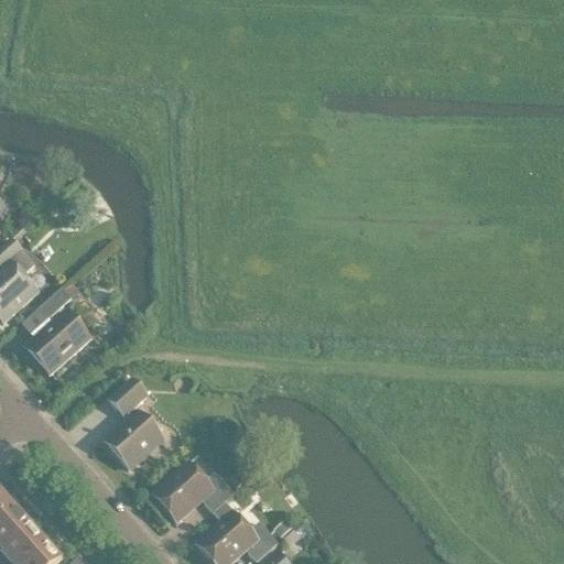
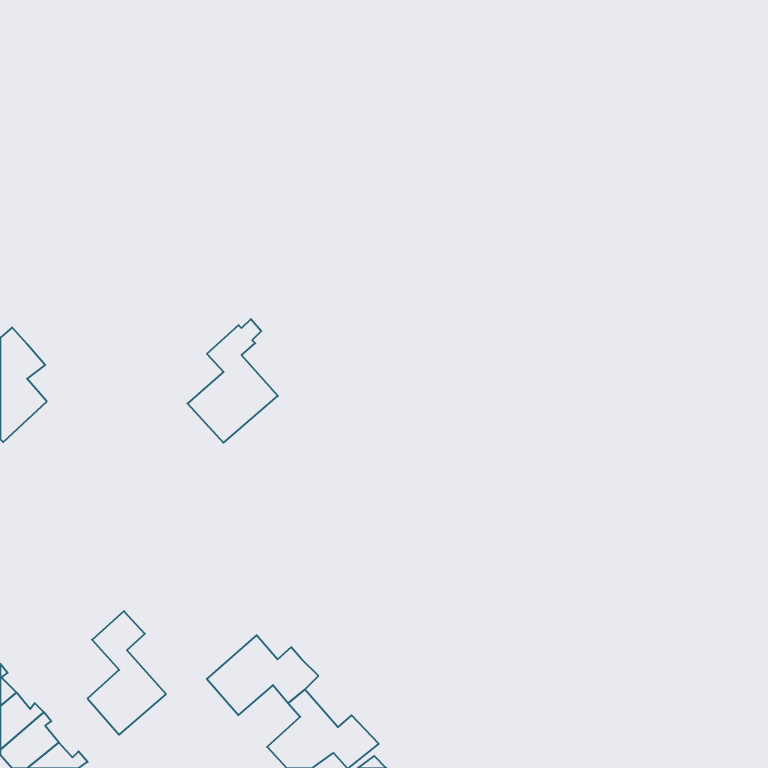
building: [24,284,90,375] -> [187,319,278,443]
building: [106,379,163,469] -> [88,611,166,735]

